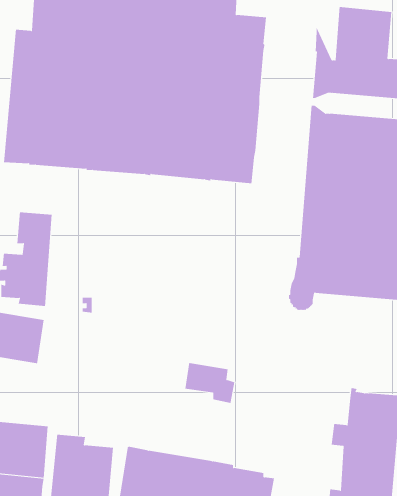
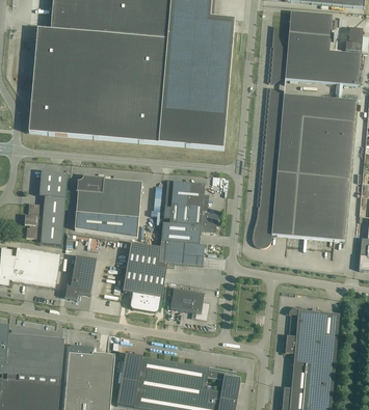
building: none -> [74,173,141,238]
building: none -> [122,180,217,311]
building: none -> [64,255,96,299]

